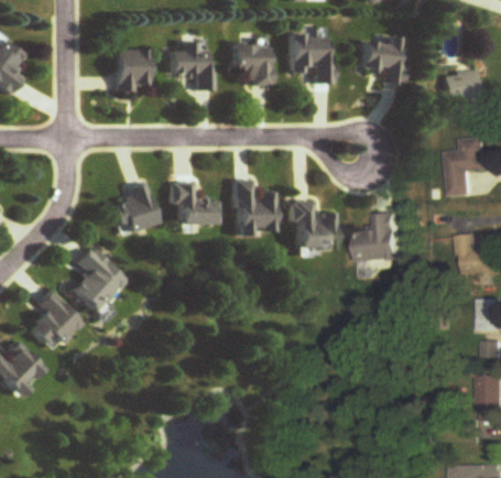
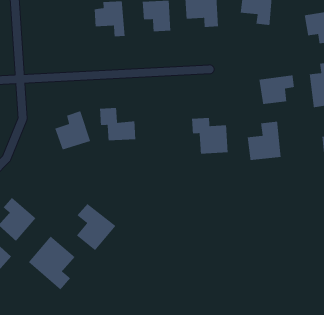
building: [113,48,146,90] -> none
building: none -> [259,74,295,105]
building: [231,180,272,233] -> none
building: [68,247,122,311] -> [76,203,116,251]
building: none -> [28,235,75,290]

